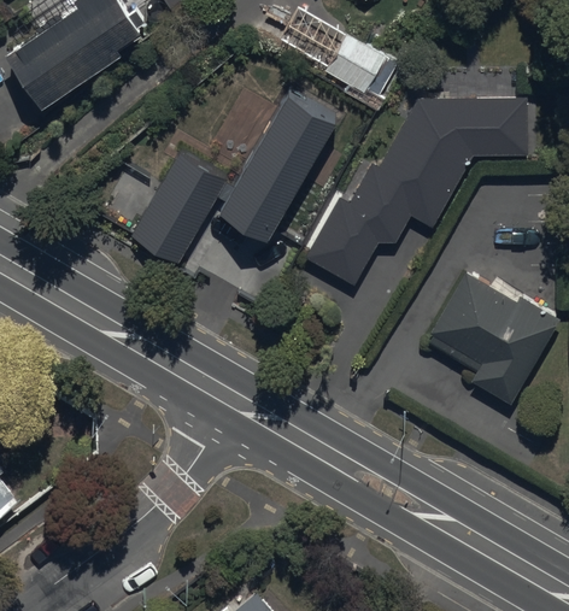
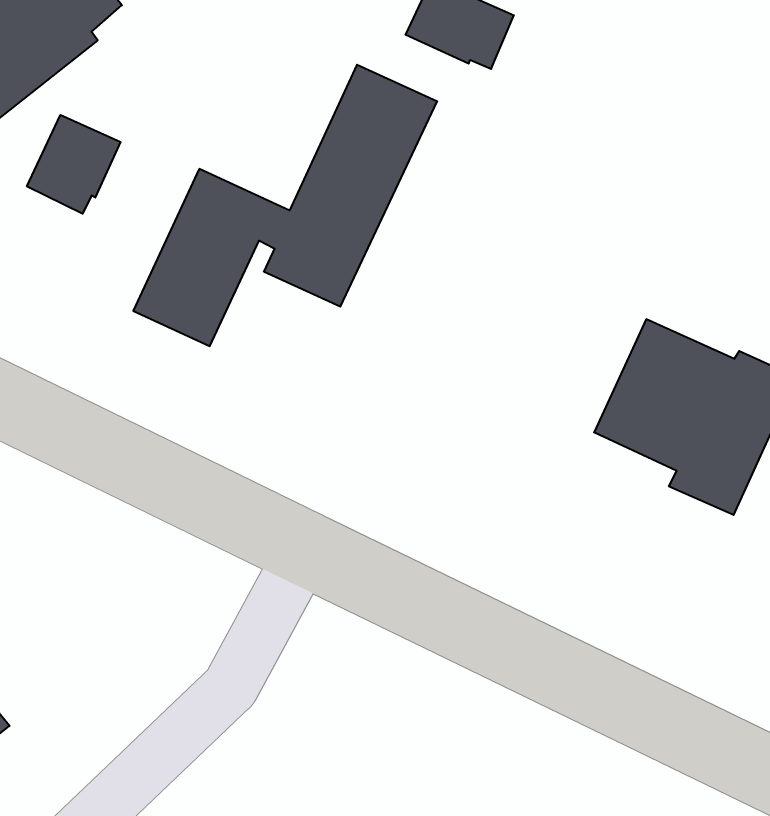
building: [305,98,527,284] -> none
building: none -> [27,115,121,214]

